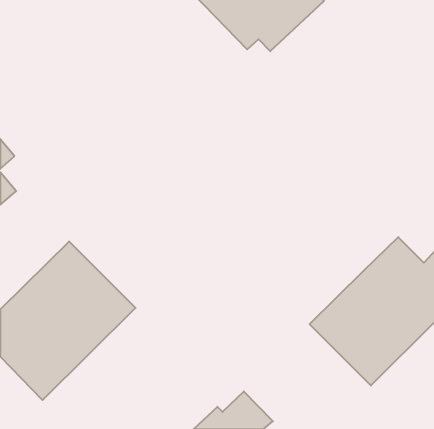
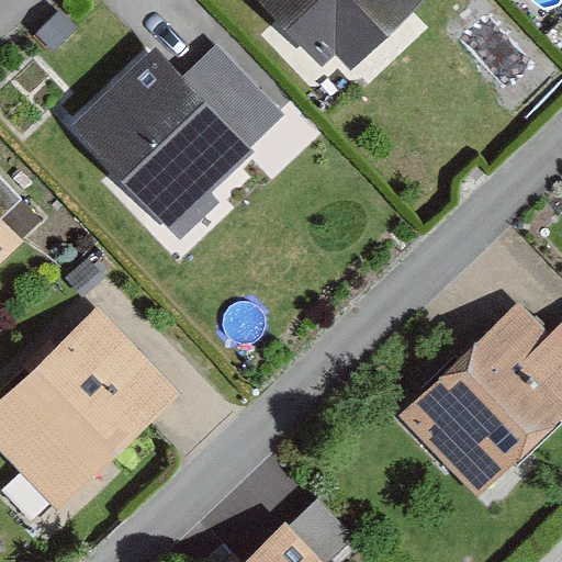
building: none -> [72,42,281,239]

